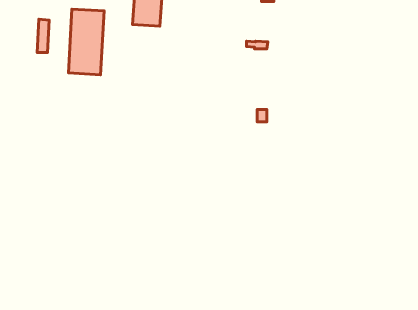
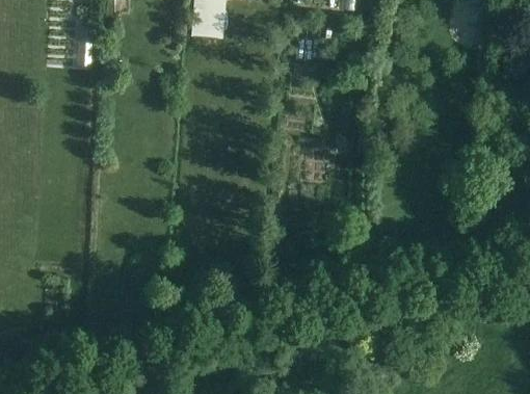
building: [69,9,104,75] -> none

